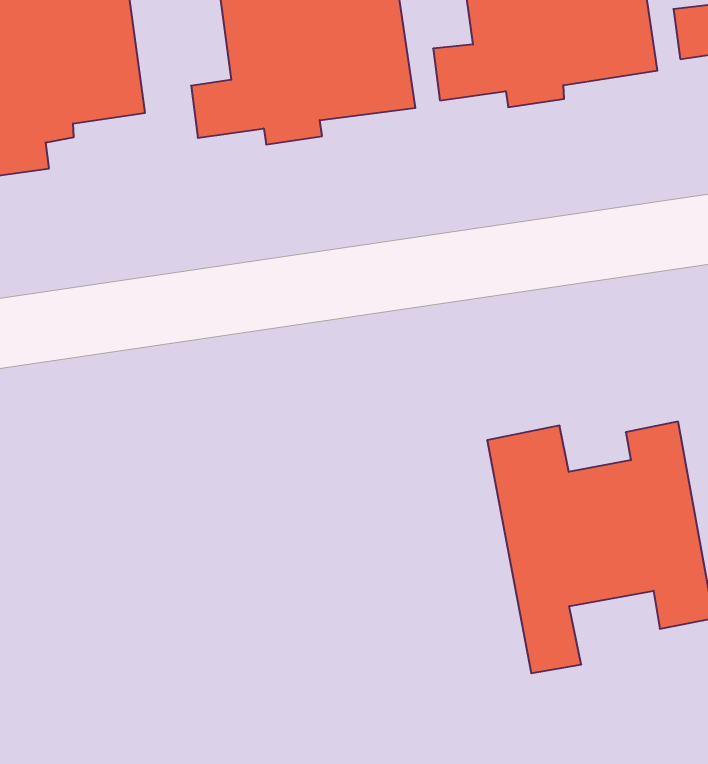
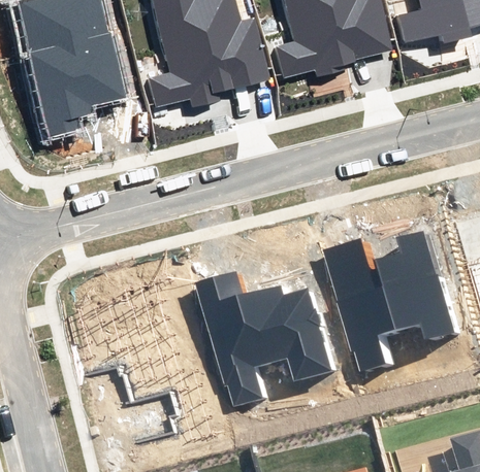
building: none -> [197,273,328,406]

